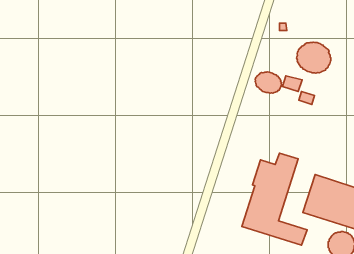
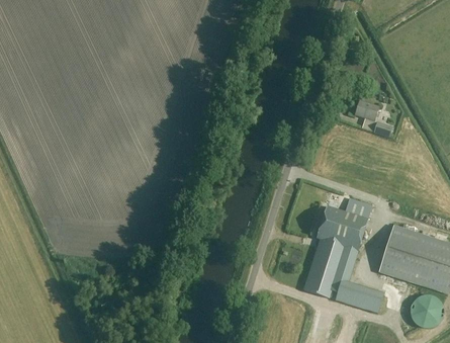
building: [297,42,331,73] -> none
building: [255,72,281,93] -> none

